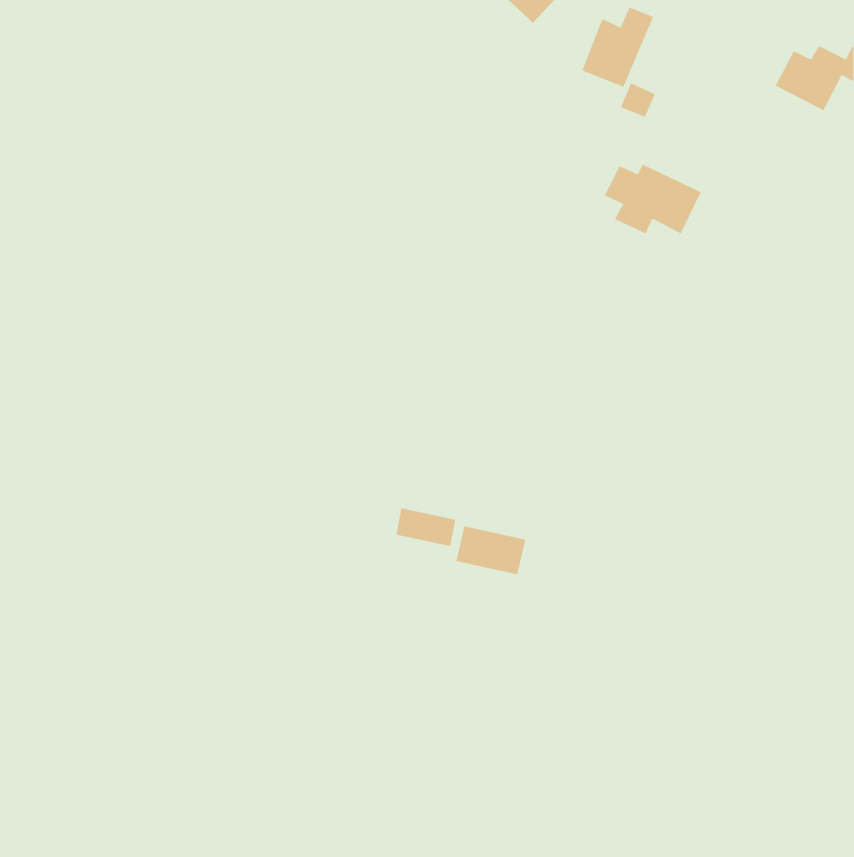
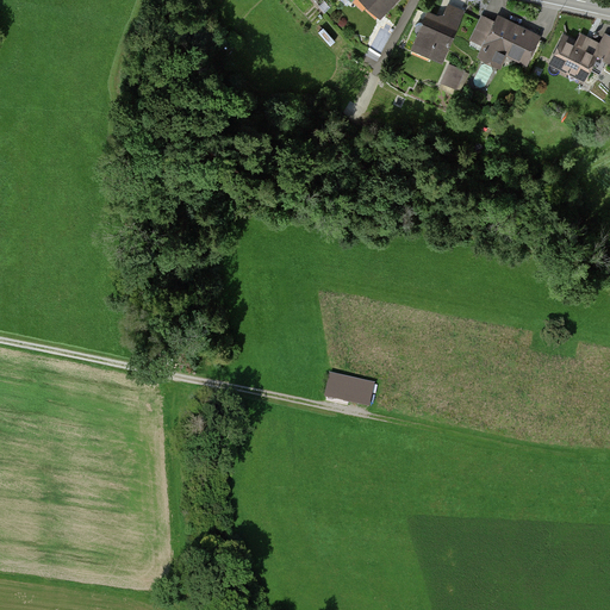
building: [604,164,702,234] -> [469,14,539,64]
building: [396,507,456,547] -> none

